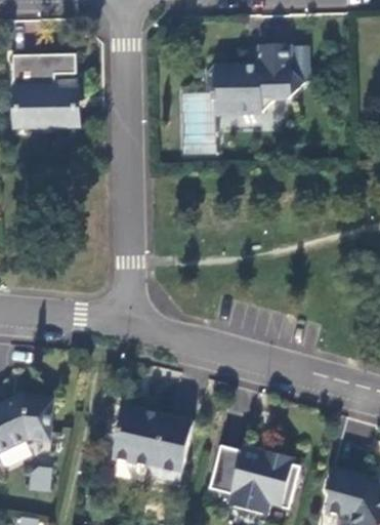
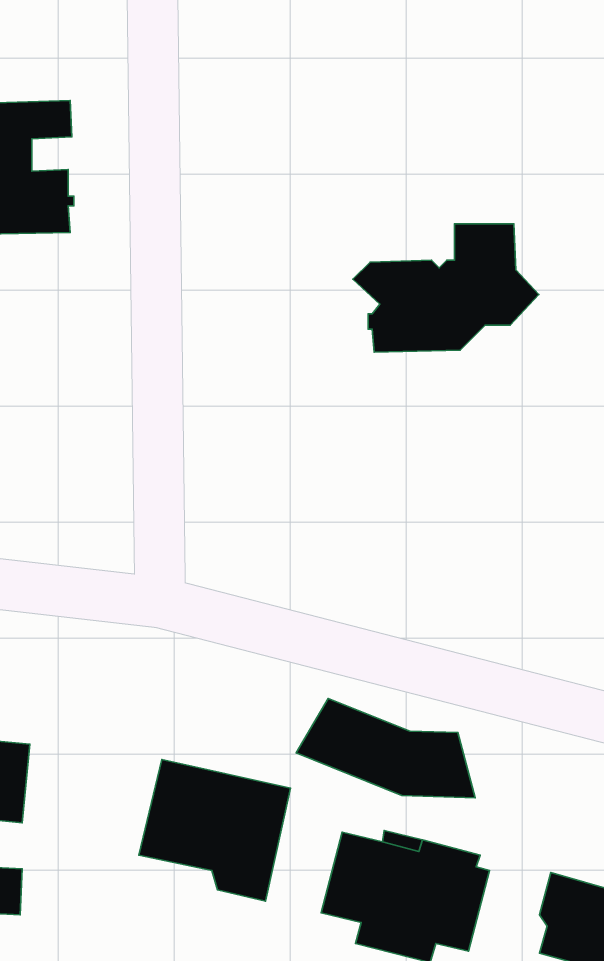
building: [204,45,303,114] -> [353,224,539,352]
building: none -> [296,699,475,798]

